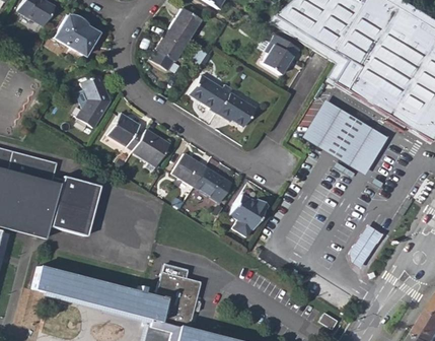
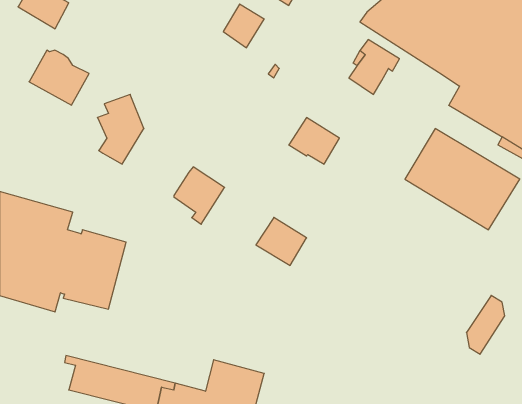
building: [55,14,99,55] -> [29,50,89,105]
building: [151,28,187,70] -> none
building: [189,75,233,114] -> none
building: [107,113,144,150] -> none
building: [171,152,207,187] -> none
building: [229,194,268,236] -> none
building: [32,265,60,294] -> none

